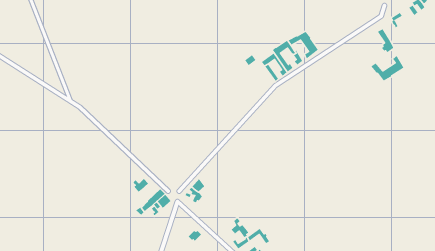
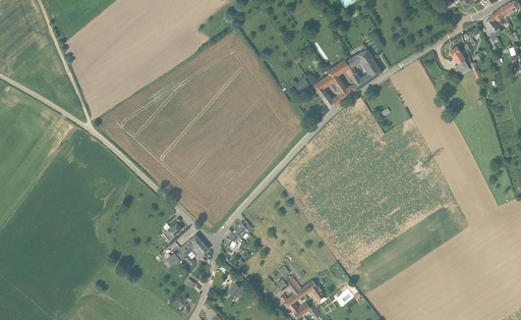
building: [370,55,404,82] -> none

